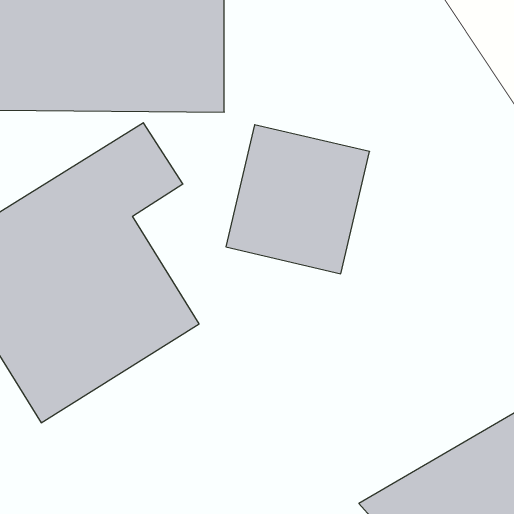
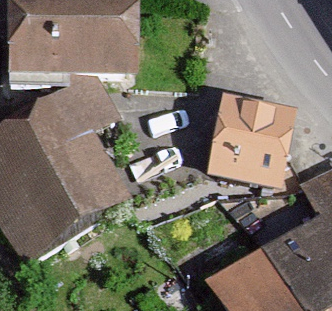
building: [226,125,370,274] -> [213,91,293,174]

